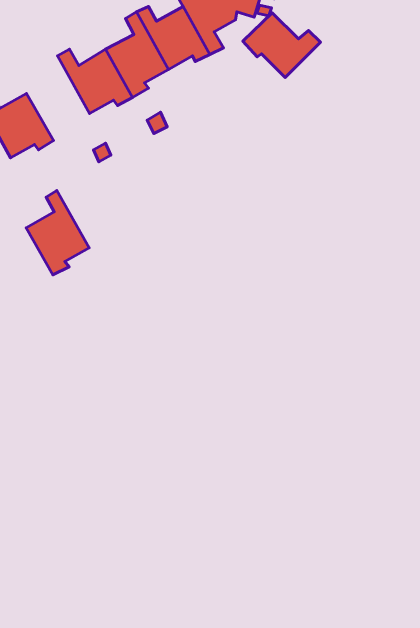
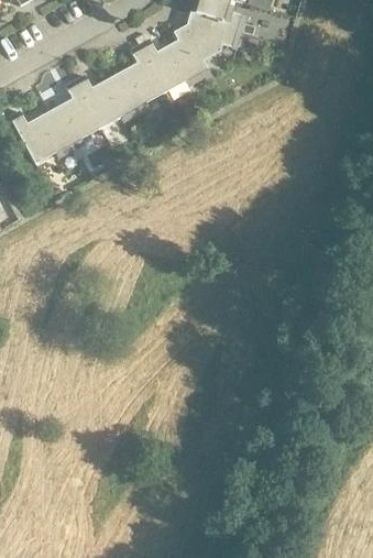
building: [243,13,320,78] -> none
building: [26,190,89,275] -> [46,79,98,149]

